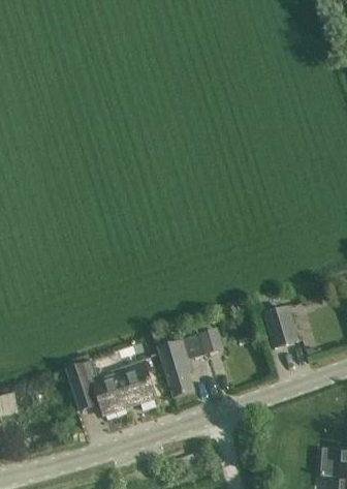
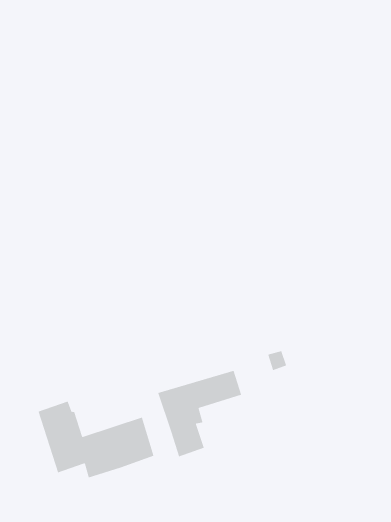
building: [265,307,298,345] -> none

